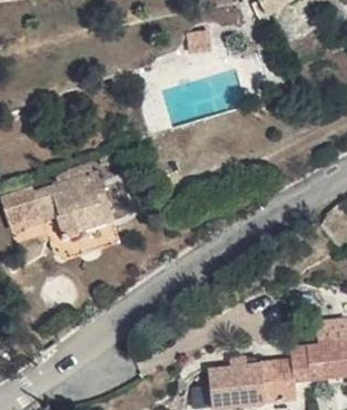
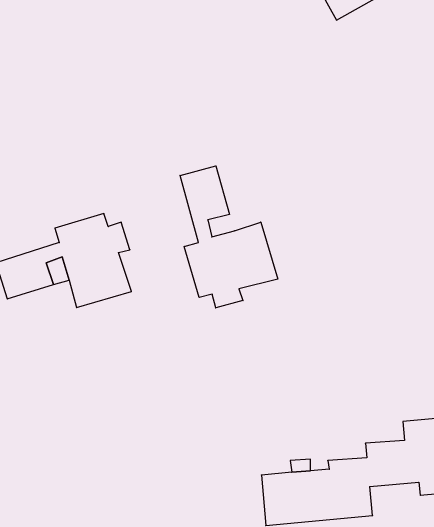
building: none -> [180,166,278,308]

